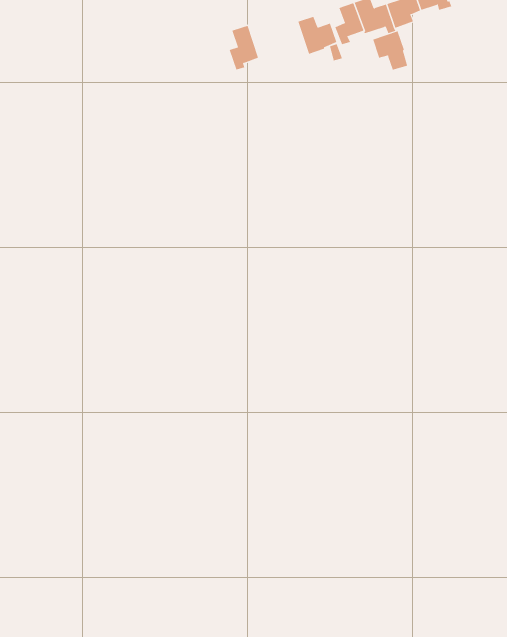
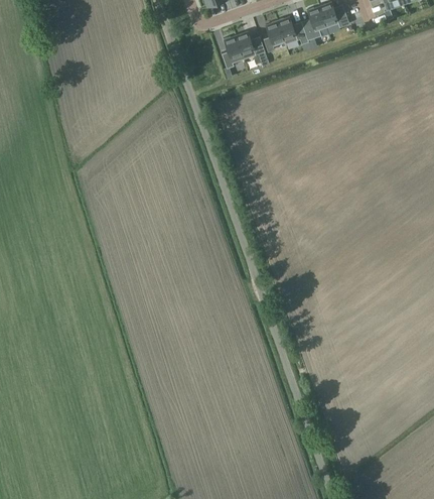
building: [229,25,259,70] -> [221,36,243,70]
building: [372,31,408,71] -> none

